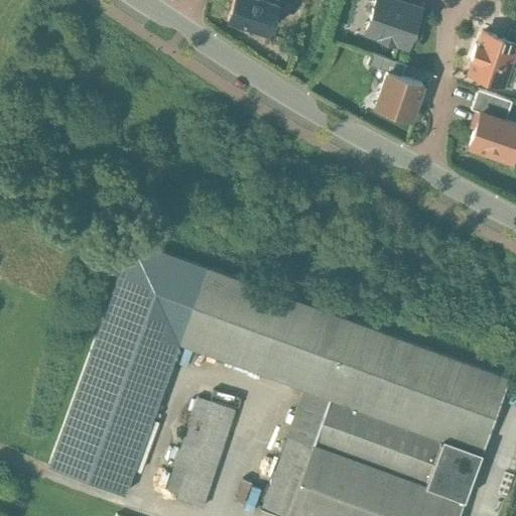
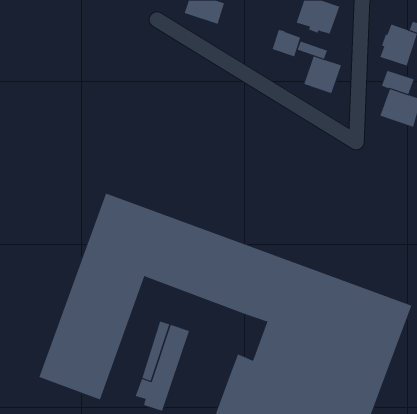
building: none -> [272,29,301,57]
building: [287,392,330,448] -> none

